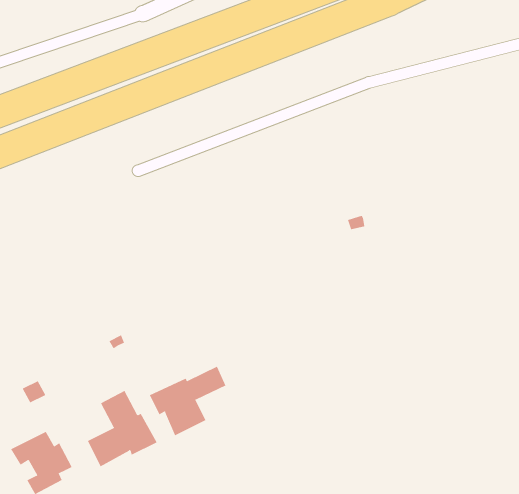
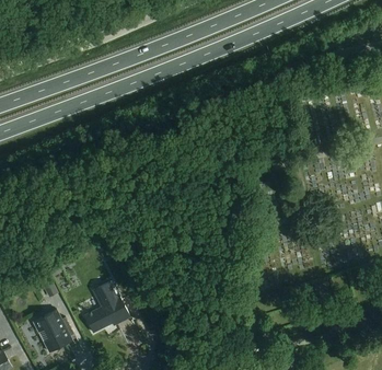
building: [149,366,226,436] -> none

